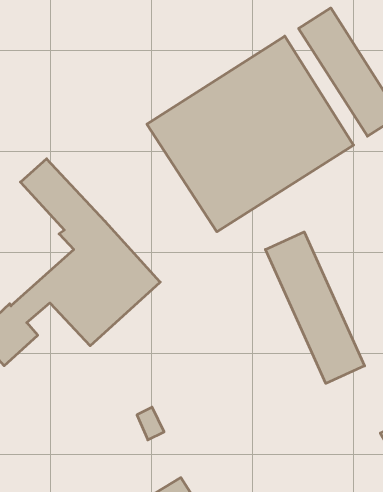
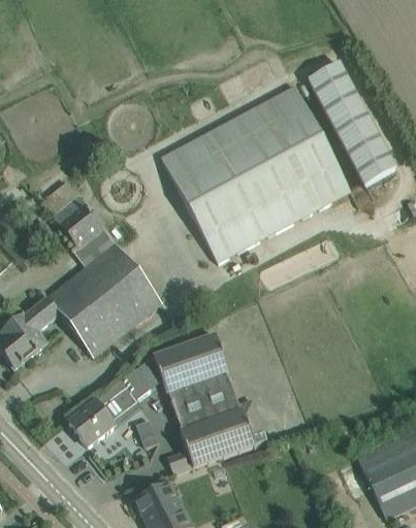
building: [265,232,365,383] -> none
building: none -> [69,332,267,473]

